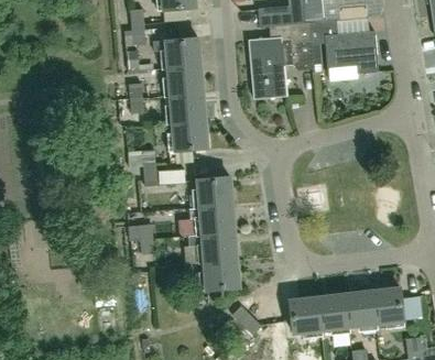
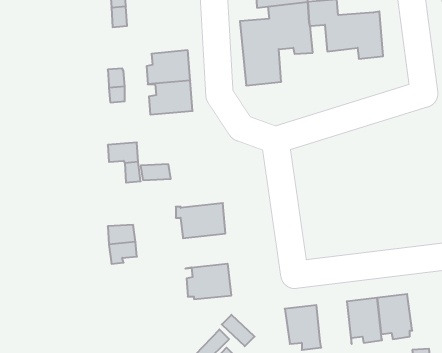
building: [161,37,202,68] -> none
building: [167,120,208,151] -> none
building: [194,176,233,208] -> none
building: [192,231,238,263] -> none
building: [318,293,350,334] -> none

